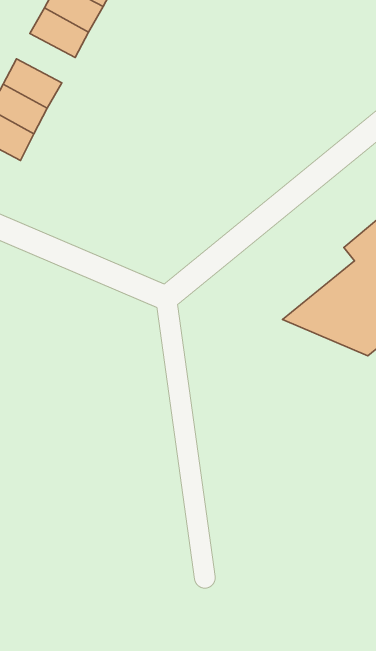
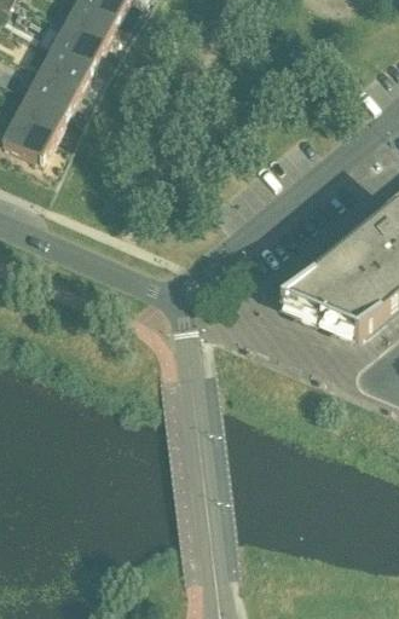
building: none -> [39,47,92,92]

